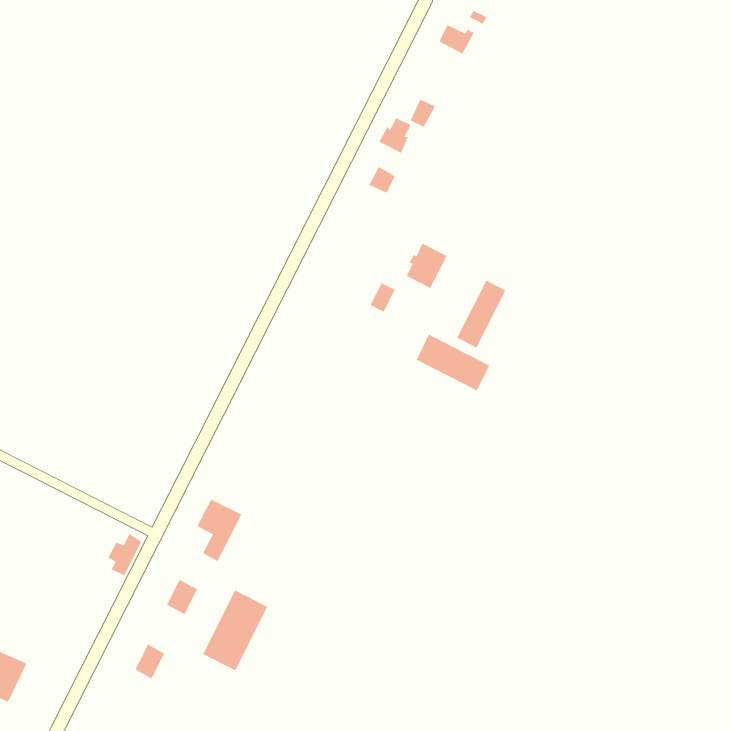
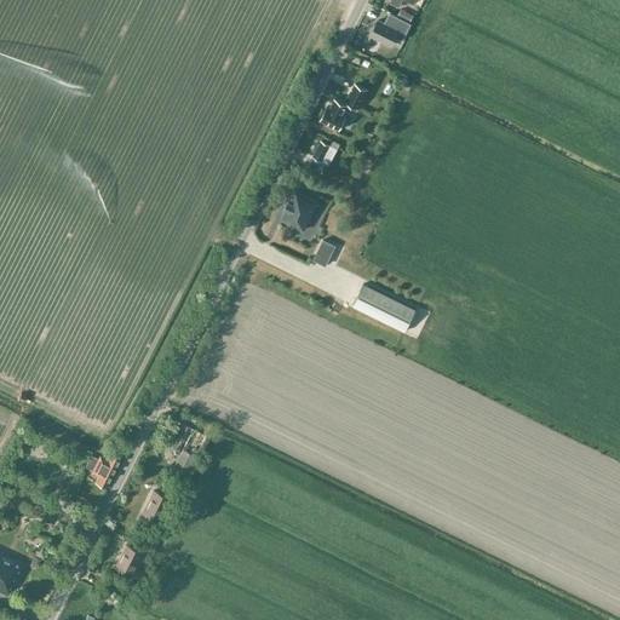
building: [406,243,448,289] -> [281,191,316,230]
building: [457,280,506,348] -> none
building: [202,590,268,671] -> none

